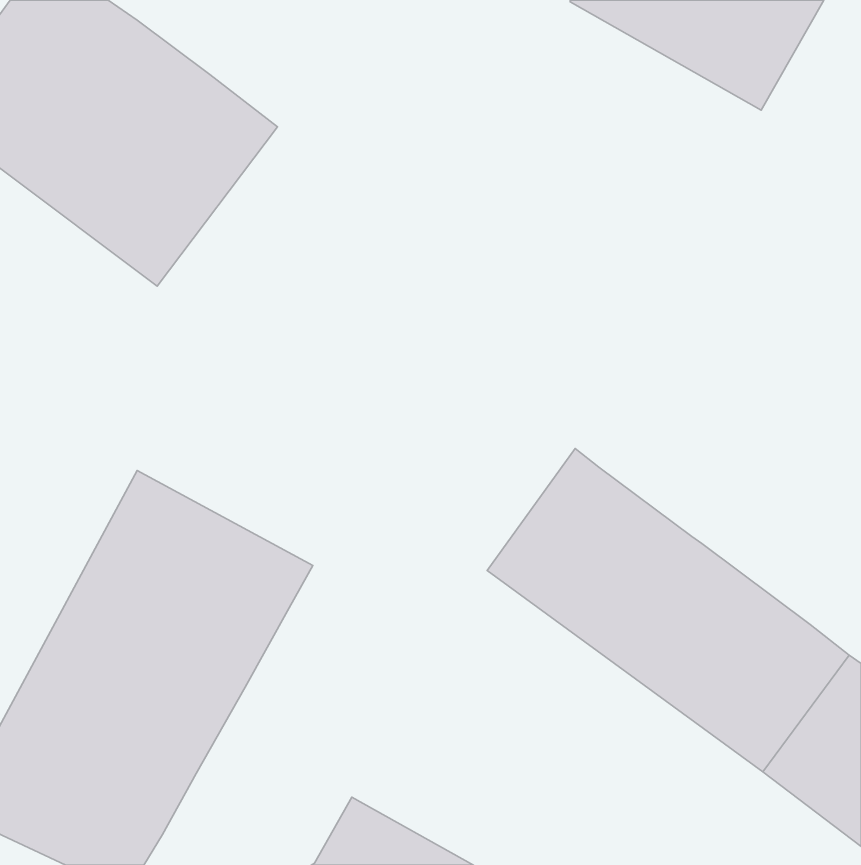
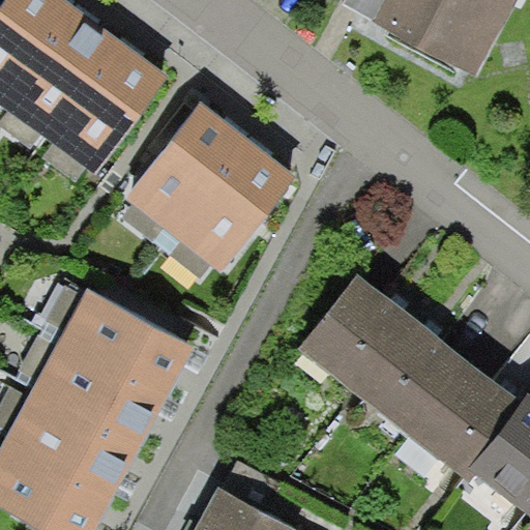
building: none -> [121,102,299,281]

